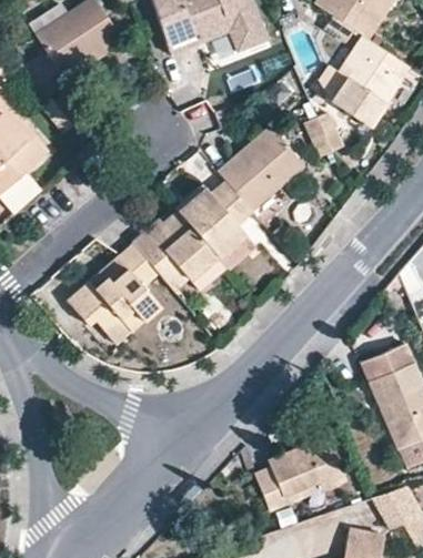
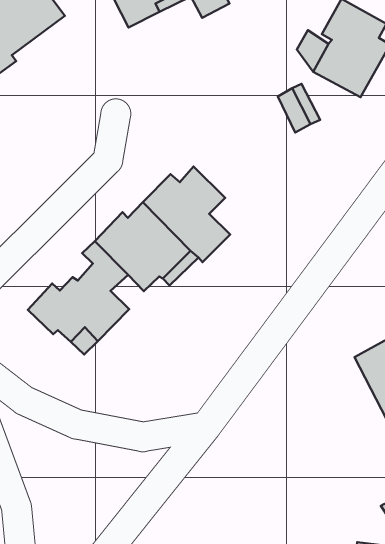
building: [218,128,303,211] -> none
building: [254,436,346,508] -> none

